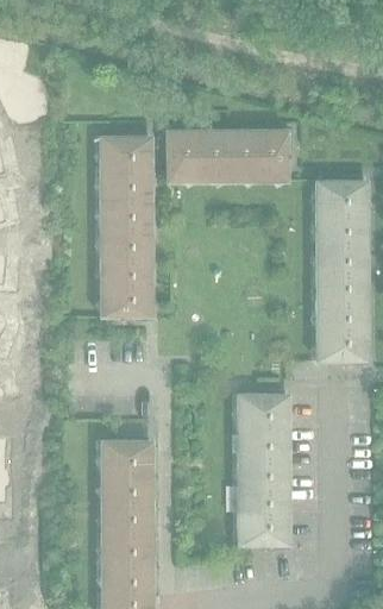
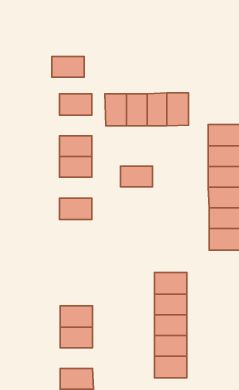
building: [101,167,147,196] -> [52,56,84,77]
building: [101,256,147,285] -> [120,166,153,187]
building: [102,501,149,530] -> none

